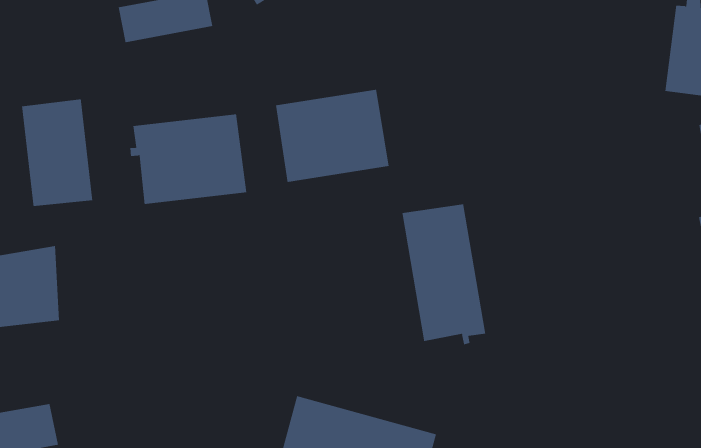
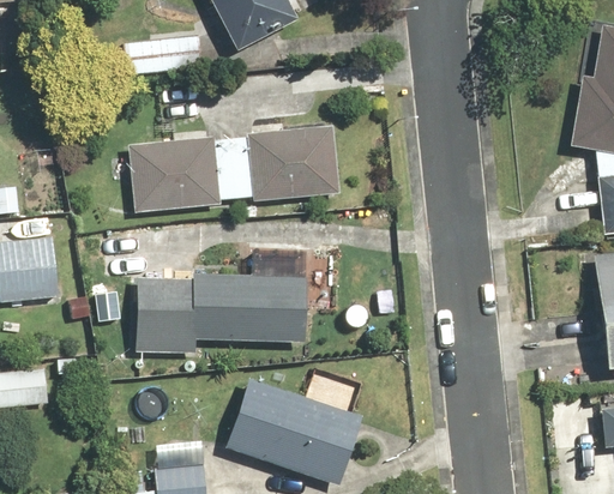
building: [22,98,93,207] -> none
building: [402,203,486,345] -> none
building: none -> [133,261,312,354]

